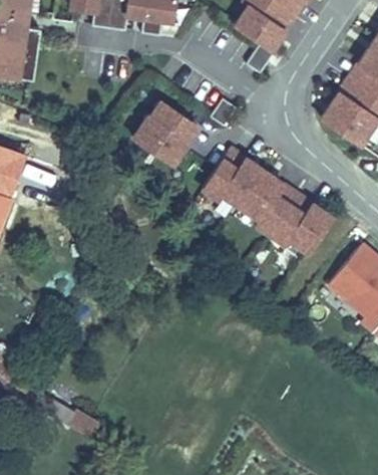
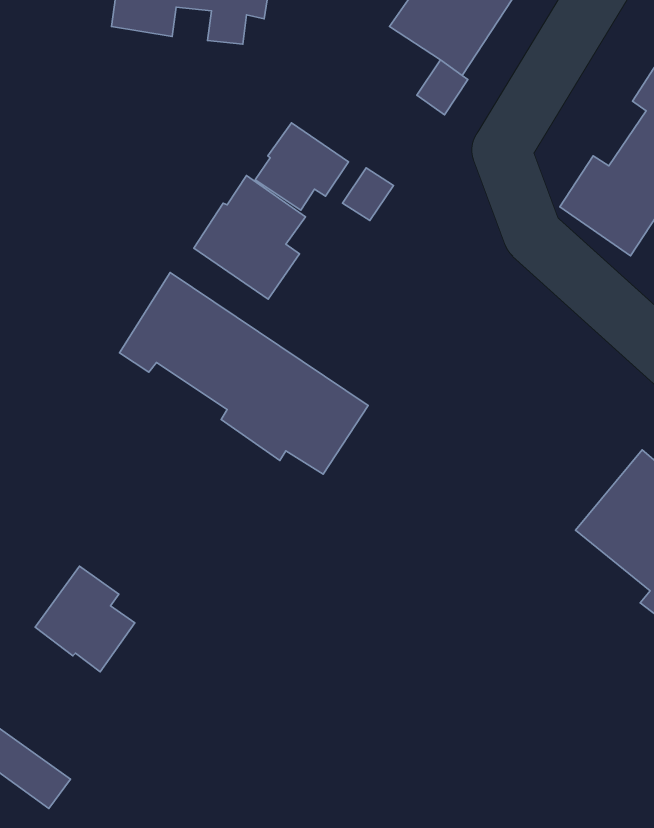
building: none -> [255,123,348,210]
building: [206,151,333,254] -> [119,272,368,474]
building: none -> [35,566,135,672]

